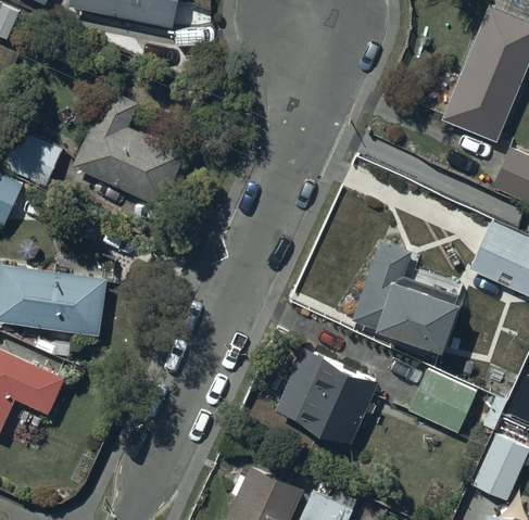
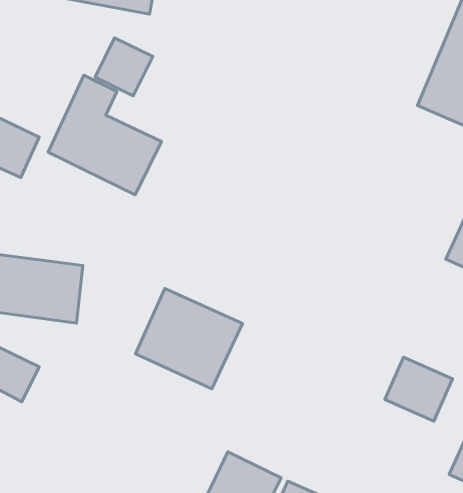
building: none -> [95,38,153,96]
building: [351,241,462,346] -> none
building: [275,344,381,444] -> [136,289,242,389]

